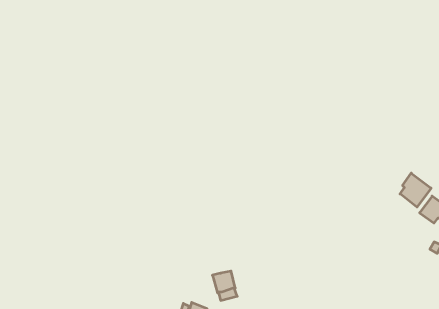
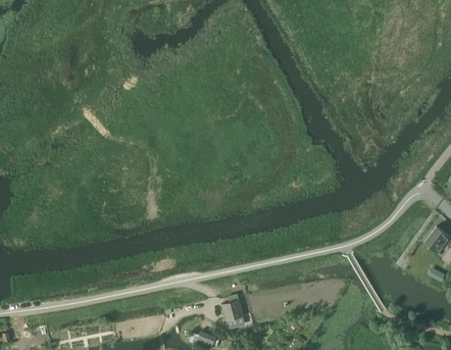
building: [400,173,431,207] -> none

